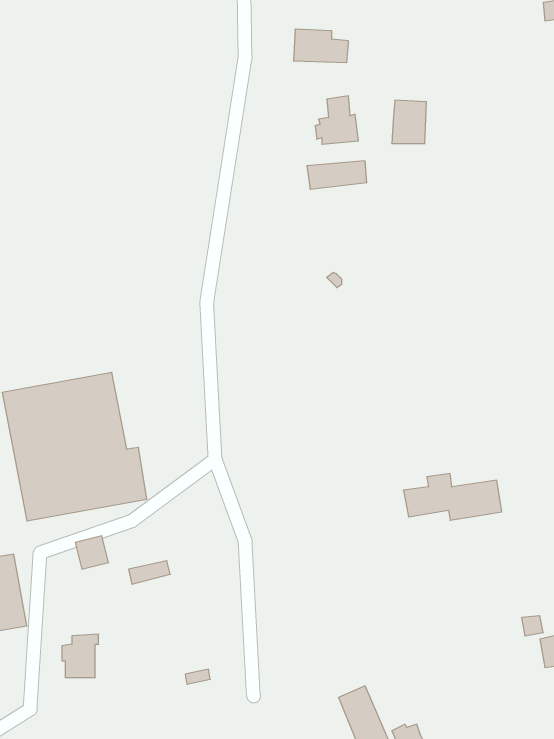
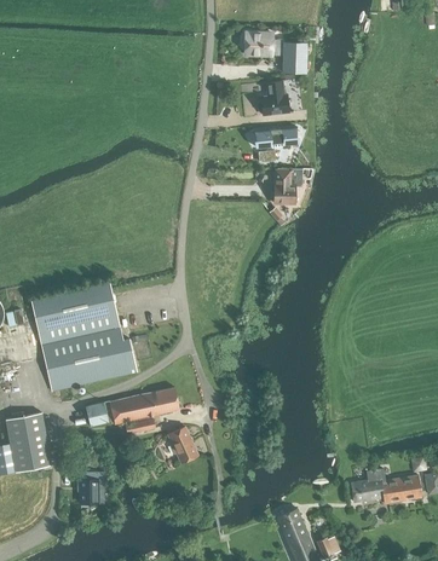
building: [392,100,427,144] -> [282,42,307,74]
building: none -> [273,169,302,204]
building: [403,474,502,520] -> [350,470,421,504]
building: none -> [110,386,181,422]
building: none -> [168,427,198,464]

